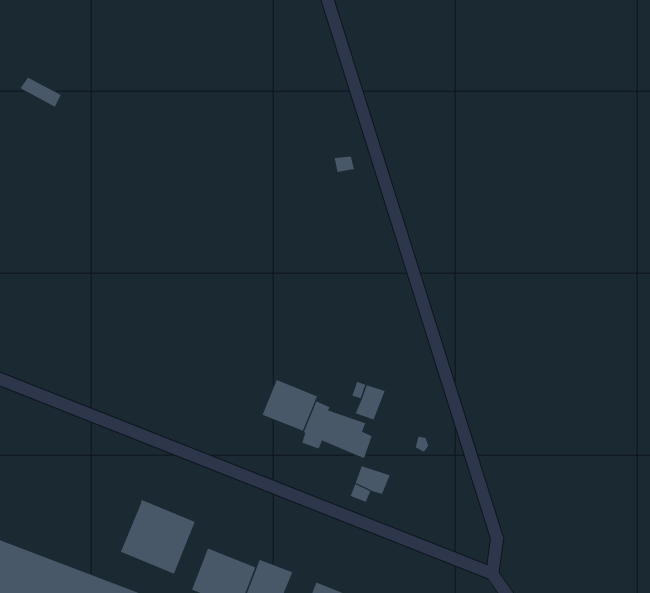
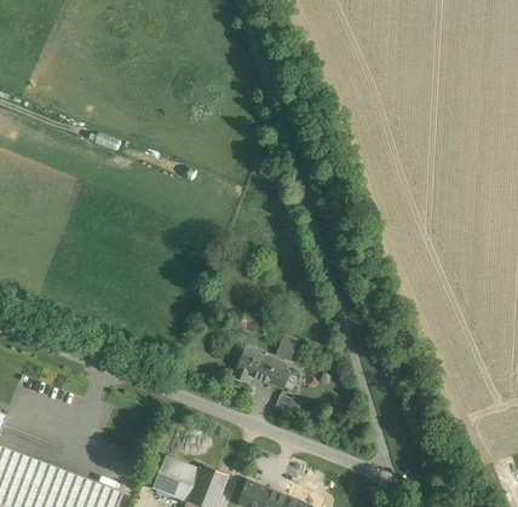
building: [262,379,318,432] -> none
building: [120,499,195,575] -> none

